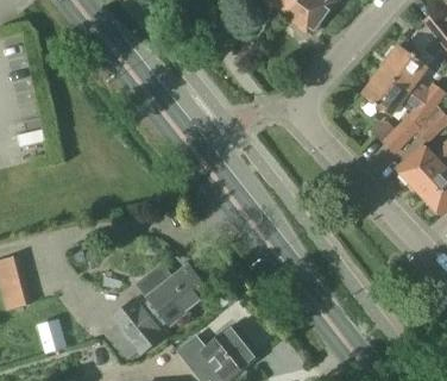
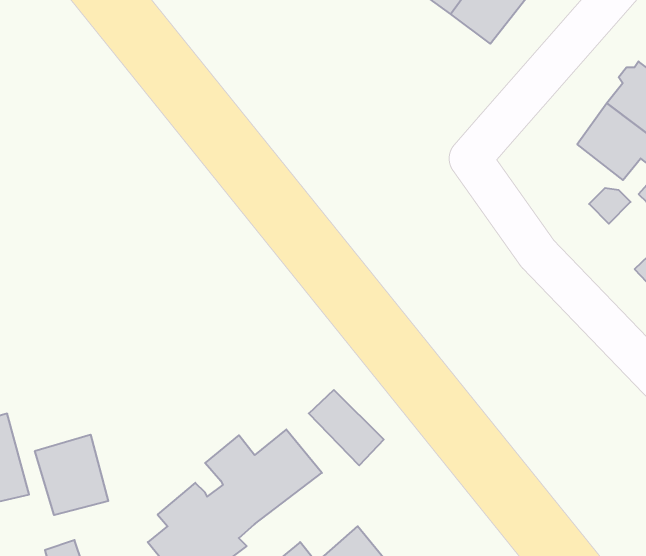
building: none -> [309,390,384,465]
building: none -> [35,435,108,515]

